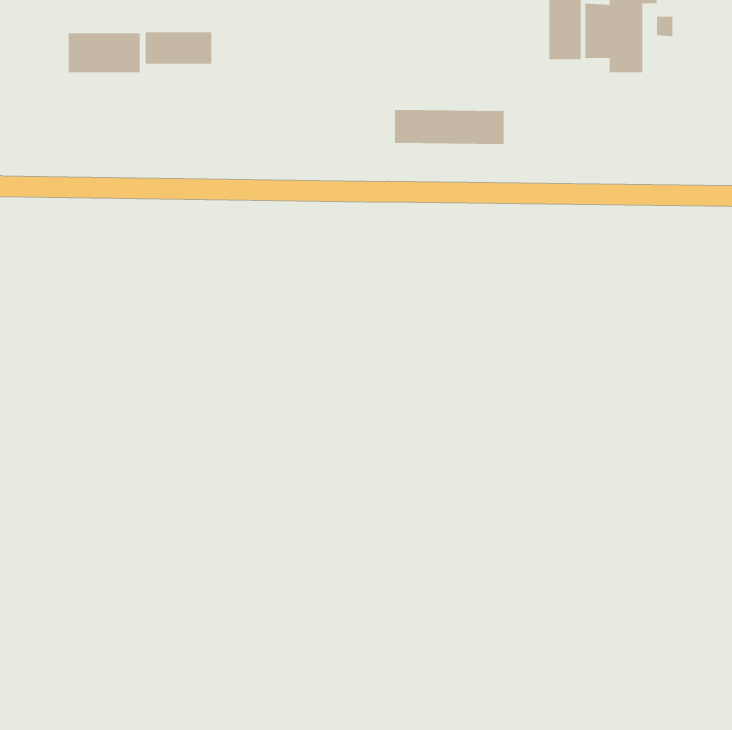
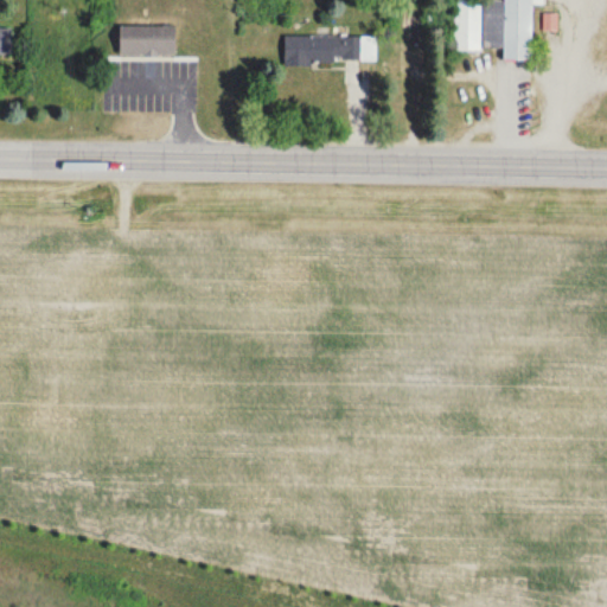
building: [68,32,141,73] -> none
building: [394,109,504,145] -> [285,34,376,64]

